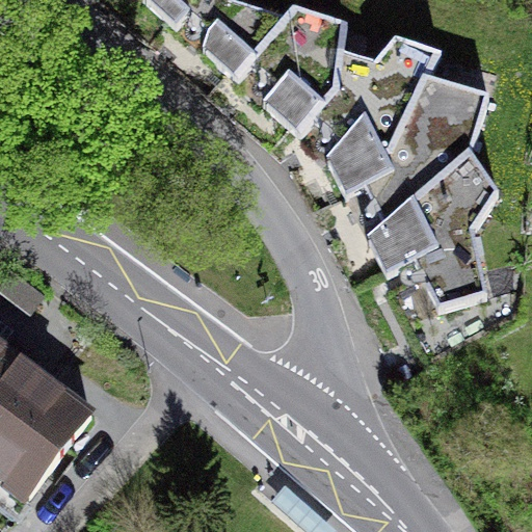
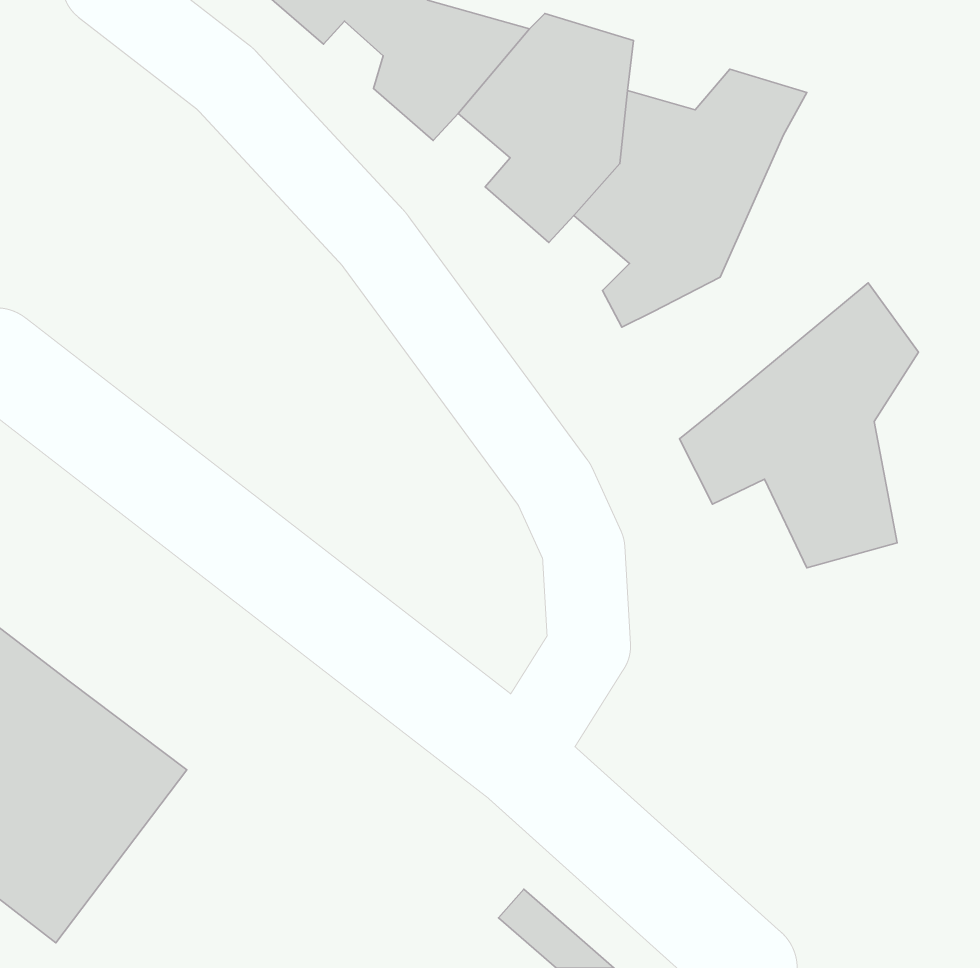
building: [352,73,487,223] -> none

